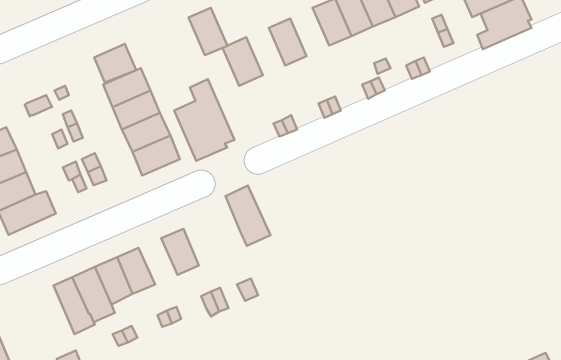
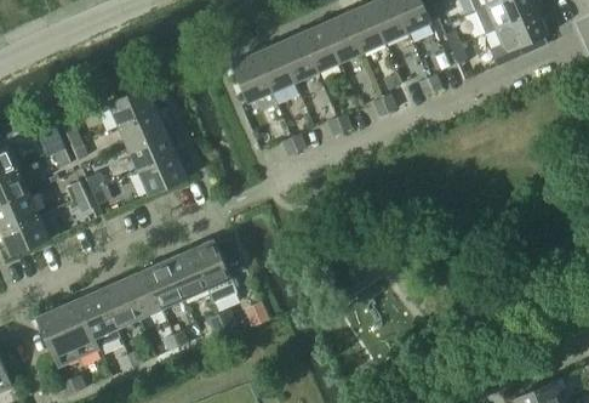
building: none -> [299,23,339,73]
building: [188,8,227,55] -> [255,44,294,92]
building: [94,44,136,83] -> none
building: [174,79,234,161] -> none
building: [225,186,270,246] -> [190,239,236,301]
building: none -> [144,260,184,307]
building: none -> [32,308,79,367]

